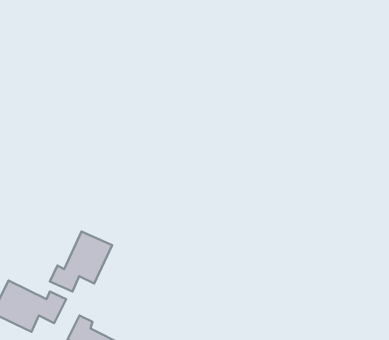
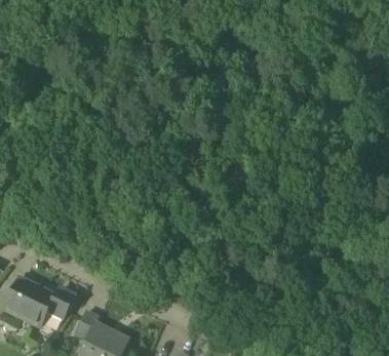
building: [50,232,112,291] -> none

